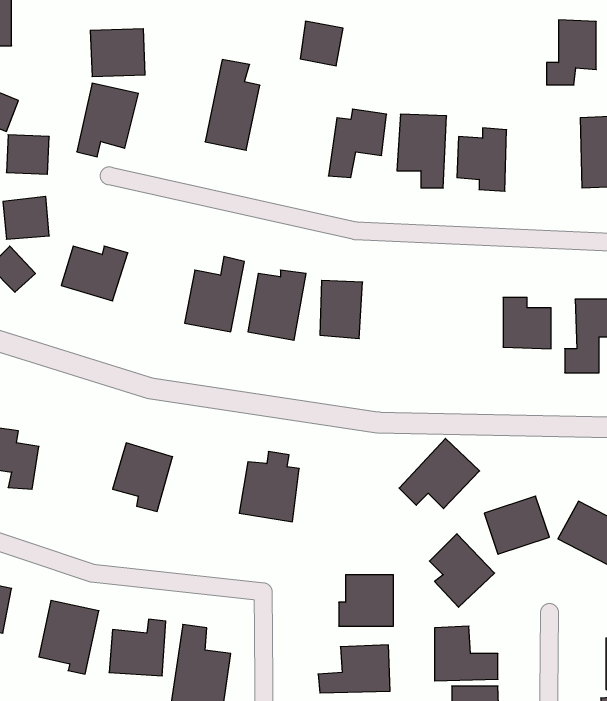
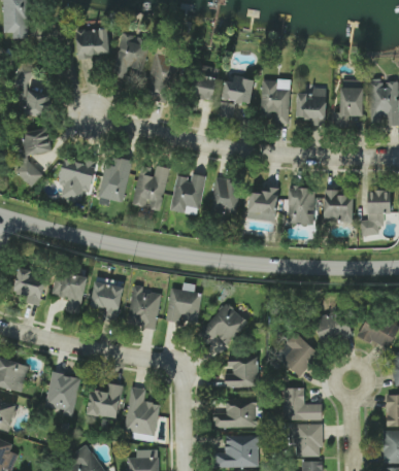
building: [547,20,596,85] -> [333,87,363,126]
building: [300,21,343,66] -> [191,74,217,101]
building: [77,83,138,157] -> [112,34,149,78]
building: none -> [97,158,131,205]
building: none -> [248,188,277,222]
building: none -> [288,188,314,224]
building: none -> [51,270,88,313]
building: [399,438,480,509] -> [199,303,247,345]
building: none -> [127,288,161,329]

